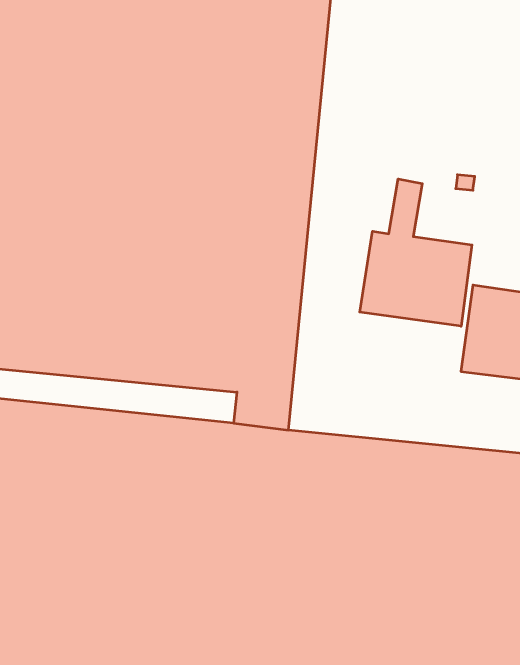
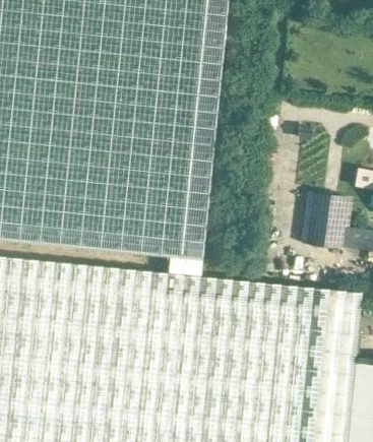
building: [360,179,472,326] -> none

